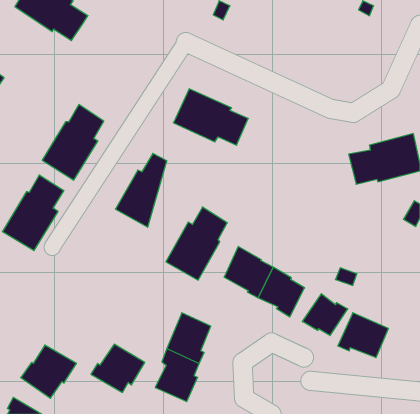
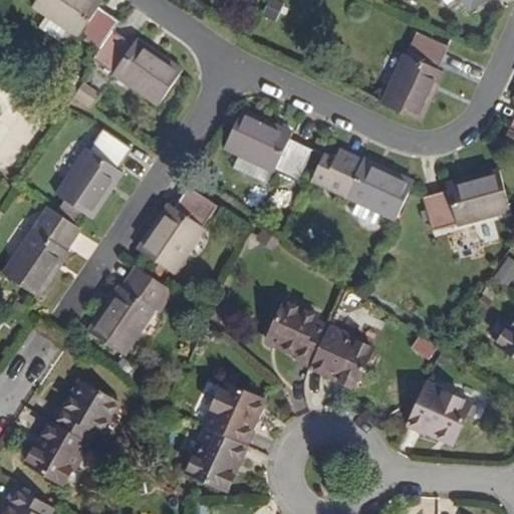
building: none -> [386,24,453,117]
building: none -> [81,28,173,103]
building: none -> [300,147,402,217]
building: [166,207,227,280] -> [96,272,171,360]
building: [302,294,348,336] -> none
building: [91,344,145,392] -> [54,381,119,440]

